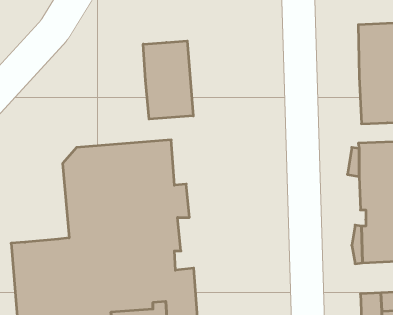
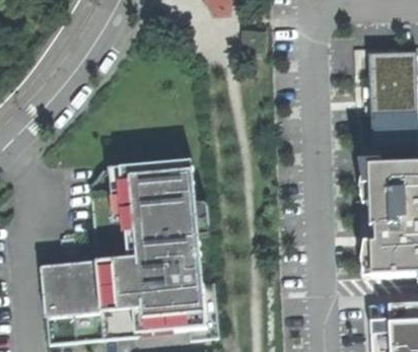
building: [143,41,193,119] -> none

